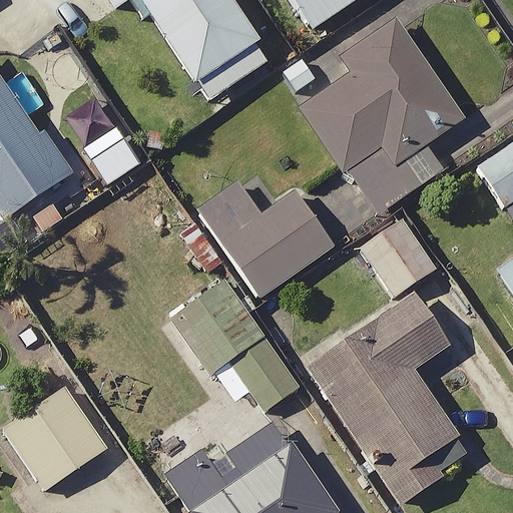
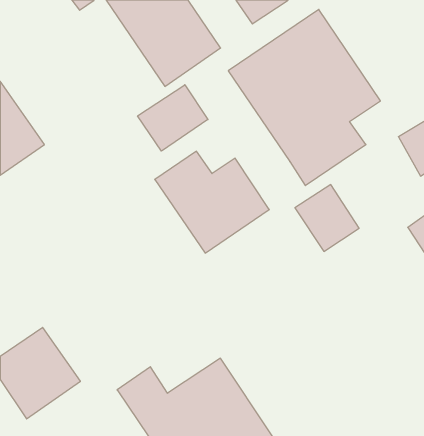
building: none -> [138,85,208,151]
building: [170,277,301,411] -> none
building: [312,295,473,502] -> none

